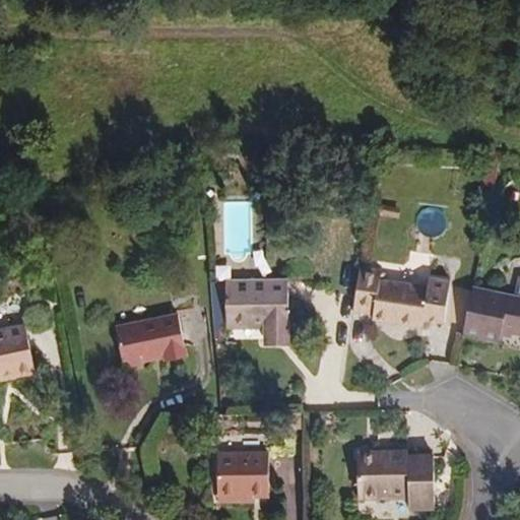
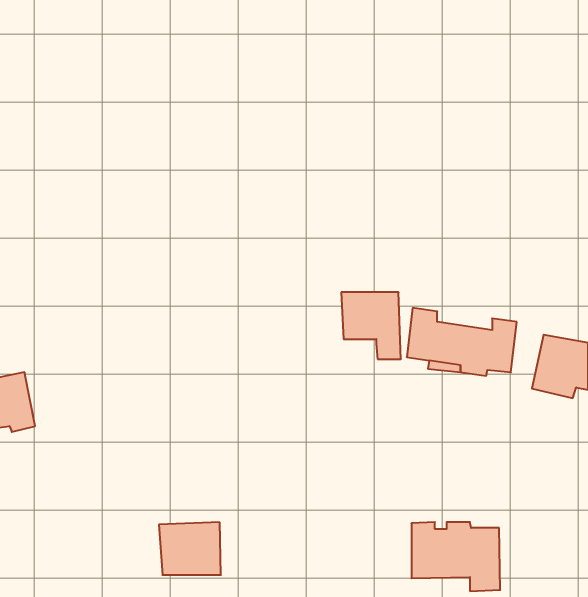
building: [236,280,287,338] -> [341,292,401,359]
building: [113,314,184,368] -> none
building: [215,451,269,497] -> [159,522,221,575]

